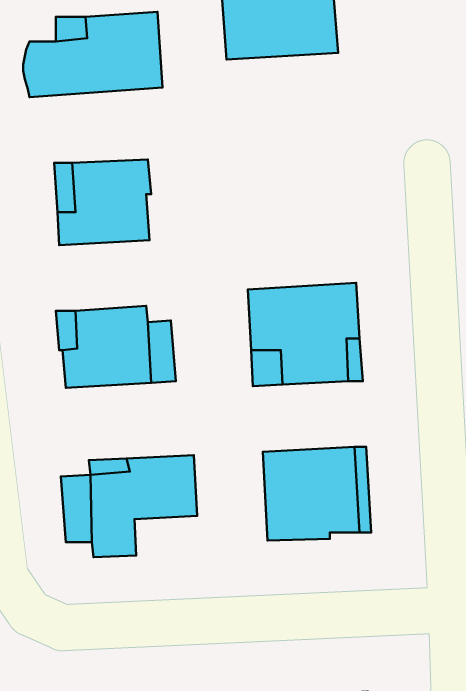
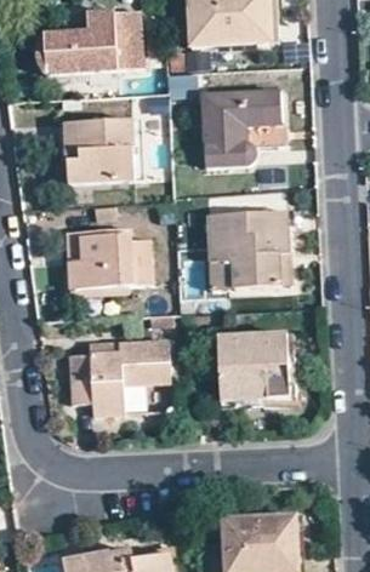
building: none -> [201,91,280,167]

